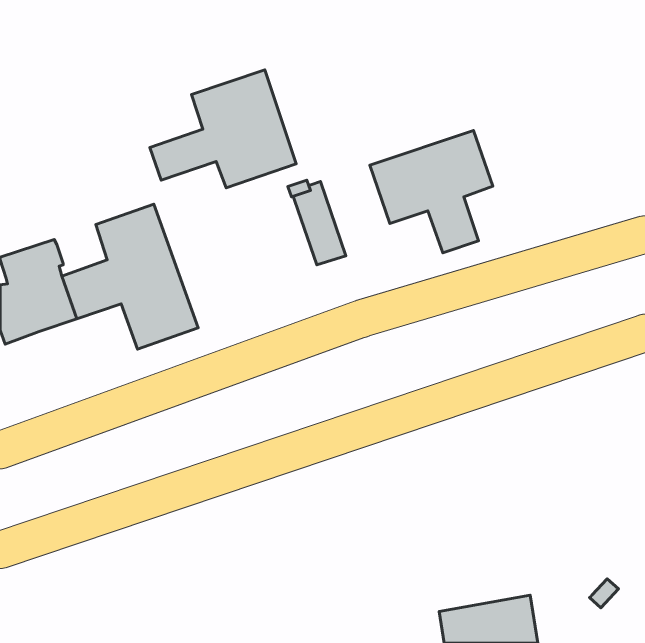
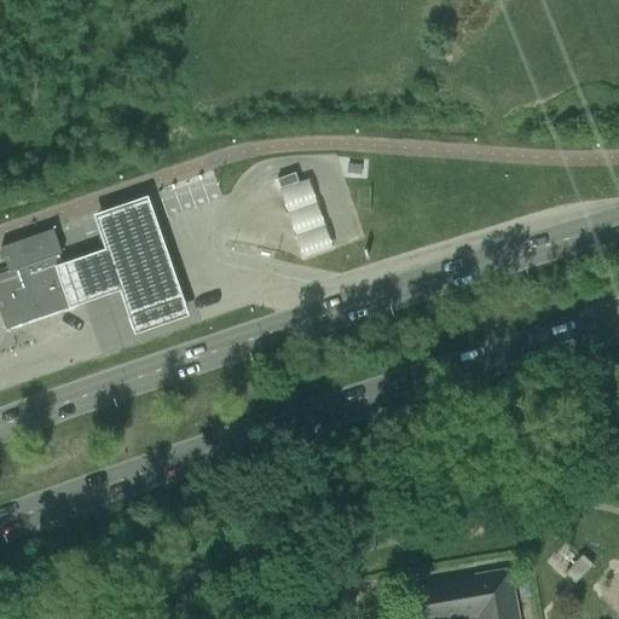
building: [150,70,296,188] -> none
building: [370,130,493,253] -> none

